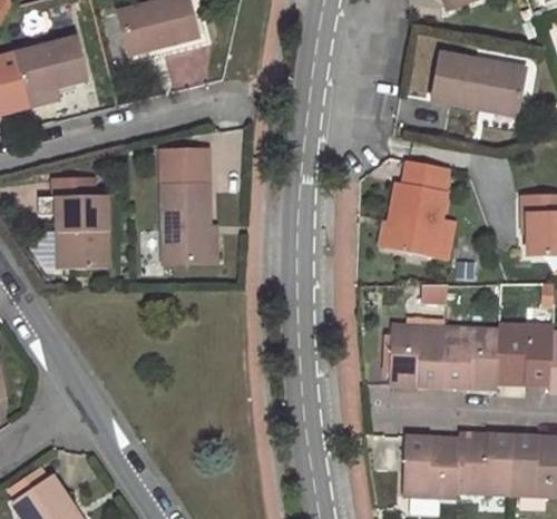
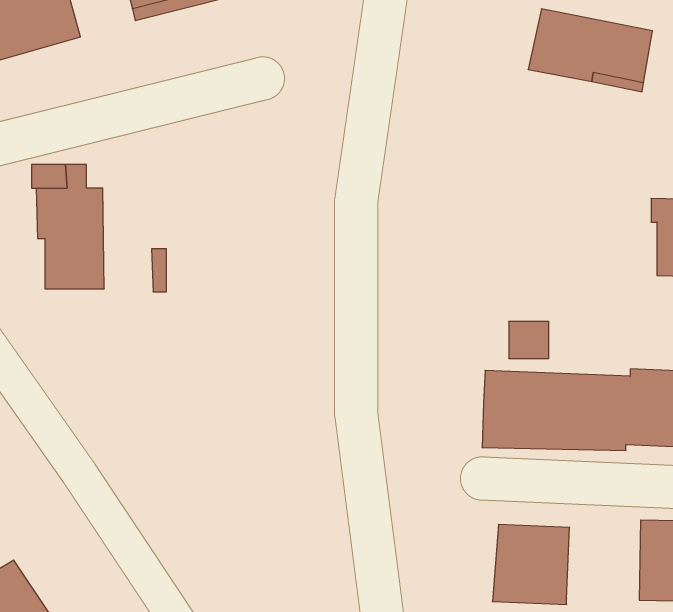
building: [164,145,211,259] -> none
building: [384,158,444,255] -> none
building: [457,433,512,497] -> none

